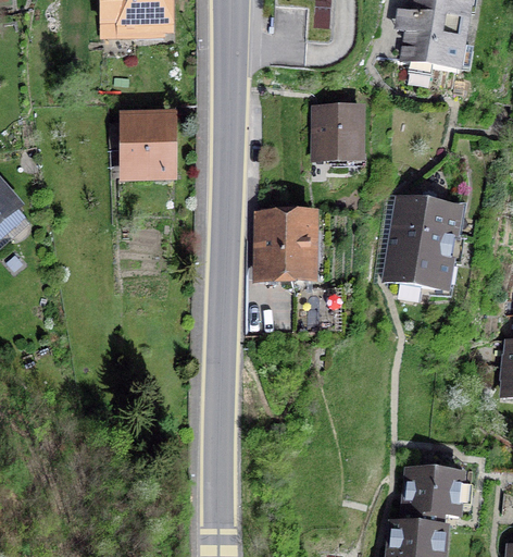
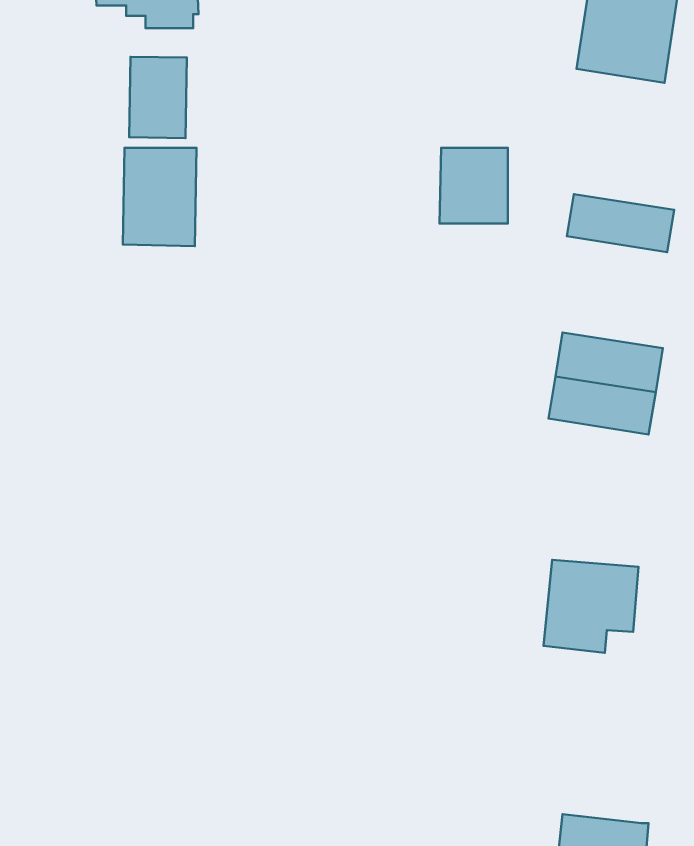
building: none -> [129,57,187,138]
building: [392,198,459,234] -> [567,194,674,252]
building: [265,218,306,277] -> none
building: [403,470,462,528] -> [543,560,638,653]

